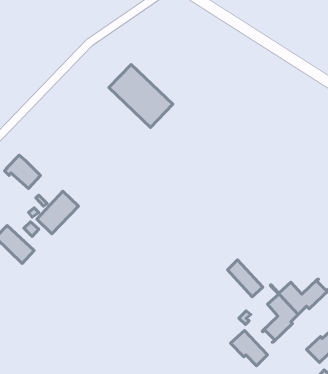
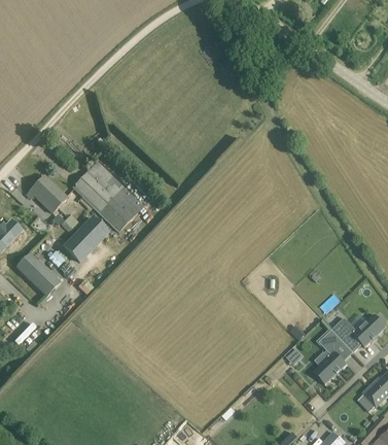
building: [109,64,173,127] -> [71,161,142,231]
building: [227,260,263,297] -> none
building: [231,330,268,366] -> none

